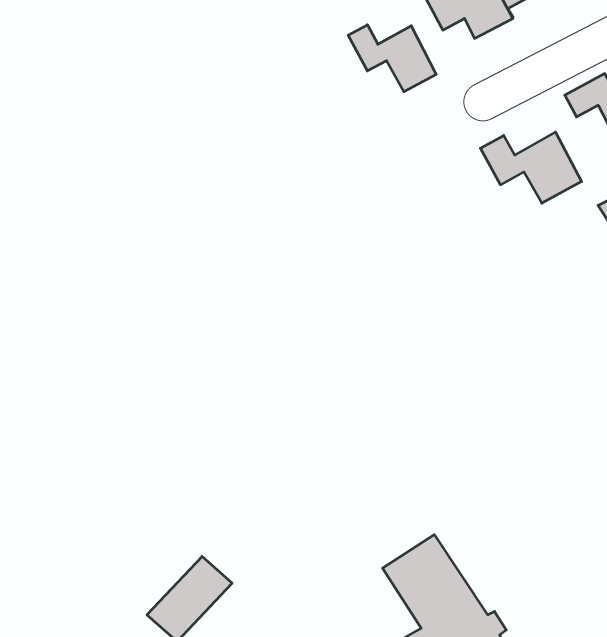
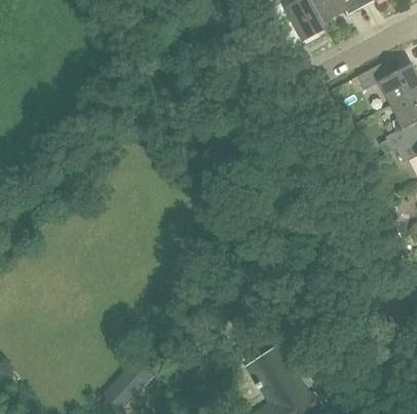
building: [348,25,436,92] -> none
building: [480,132,582,203] -> none

